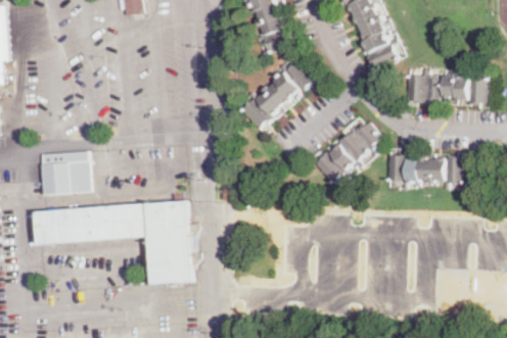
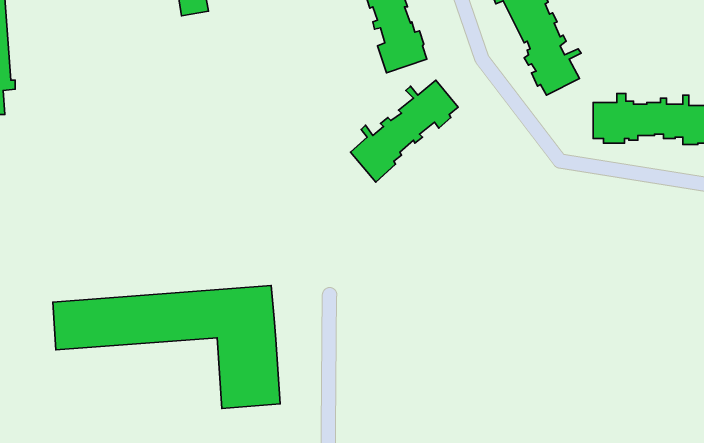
building: [313,123,380,183] -> none
building: [41,151,90,194] -> none
building: [387,153,463,190] -> none

